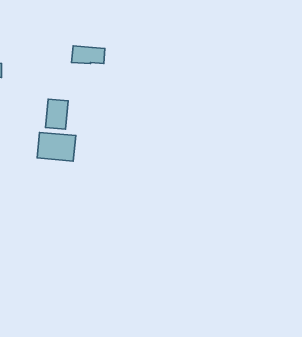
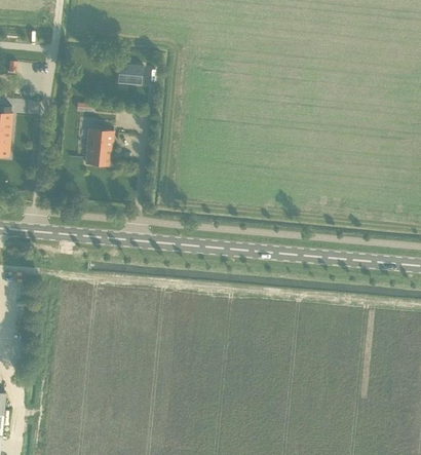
building: [37,132,76,161] -> none

